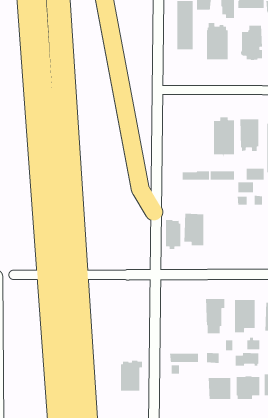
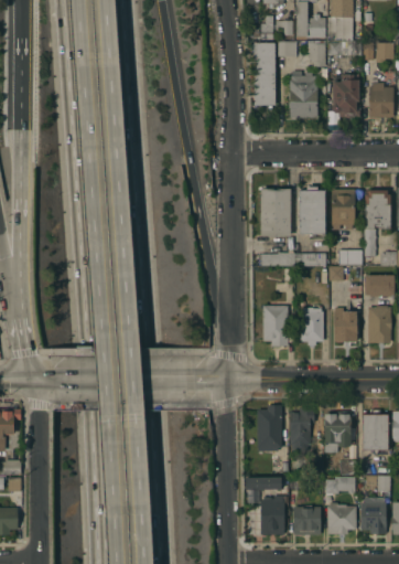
building: none -> [260,189,291,236]
building: none -> [334,307,357,341]
building: [165,219,181,250] -> [303,307,323,344]
building: none -> [257,406,281,450]
building: [120,360,143,391] -> [260,496,288,534]

